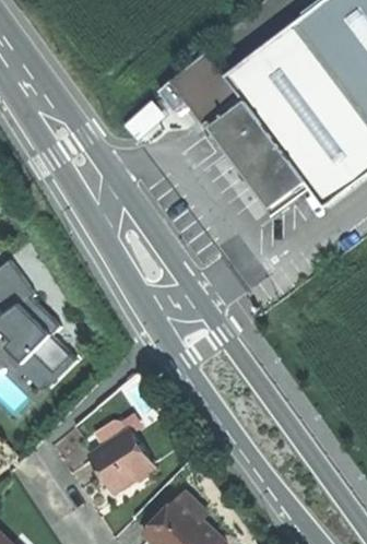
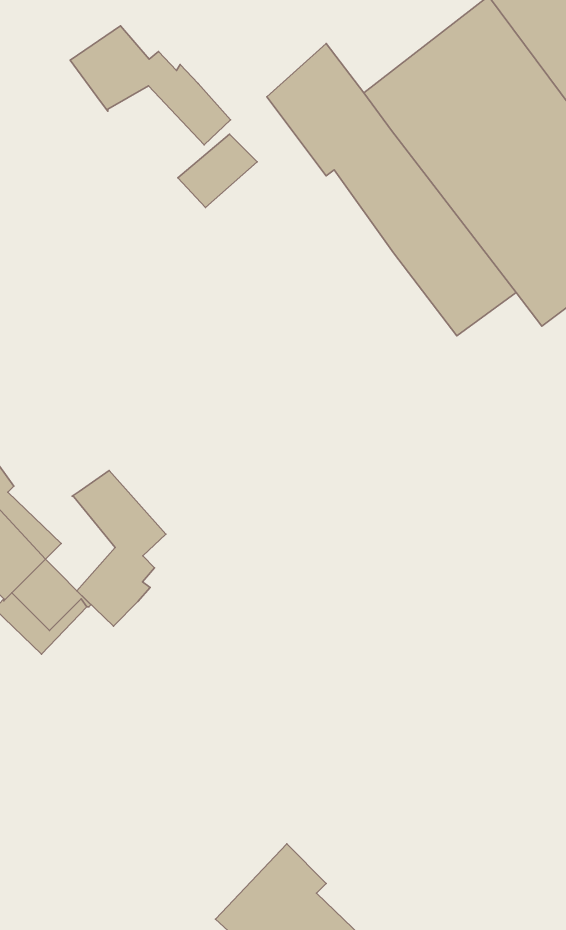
building: none -> [70,26,230,145]
building: none -> [72,470,166,626]
building: [88,430,152,493] -> none

